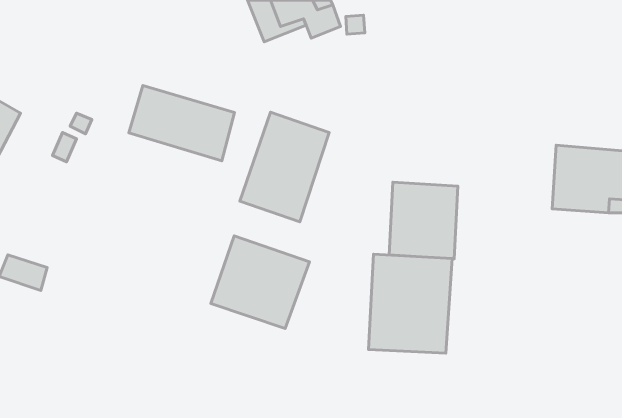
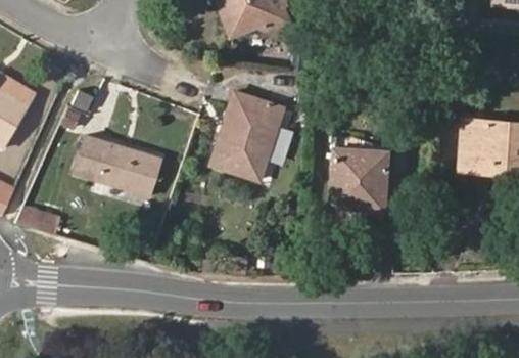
building: [129,86,235,161] -> [75,135,159,195]
building: [211,236,310,329] -> none
building: [369,254,452,353] -> none

